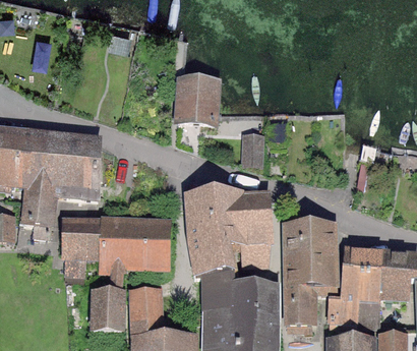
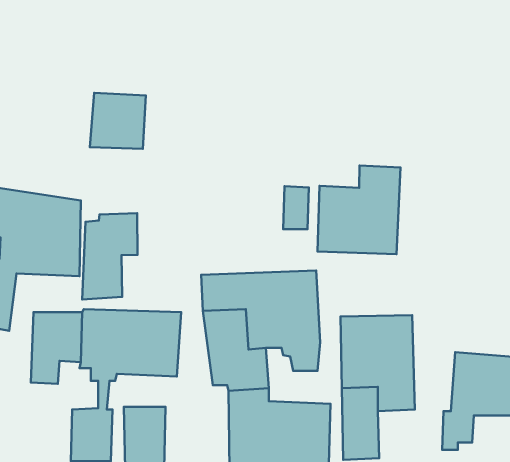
building: [177,80,217,120] -> [90,93,146,149]
building: none -> [317,166,401,254]
building: none -> [82,213,138,300]
building: [330,248,365,321] -> none

